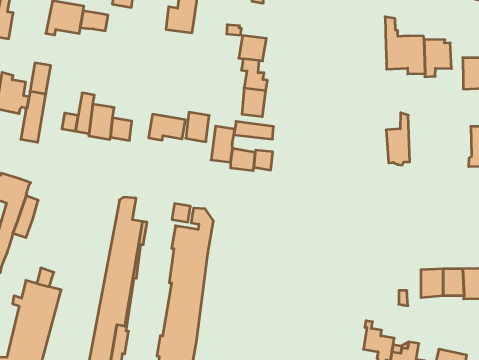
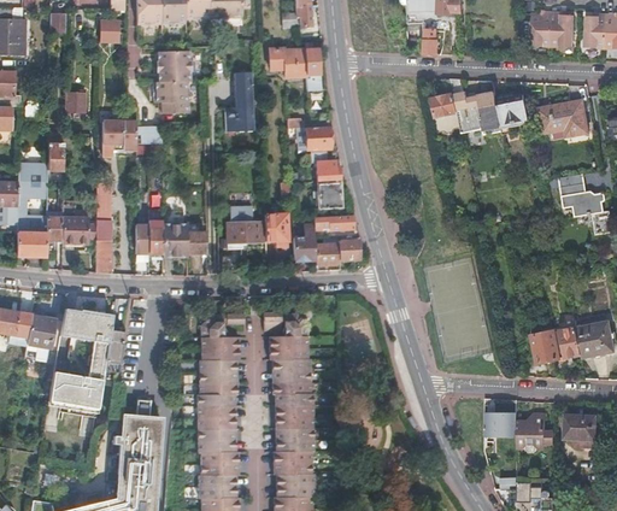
building: [386,113,410,165] -> [430,78,460,133]

